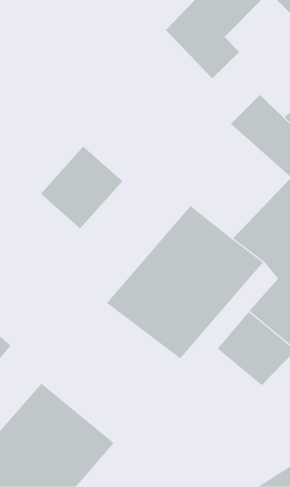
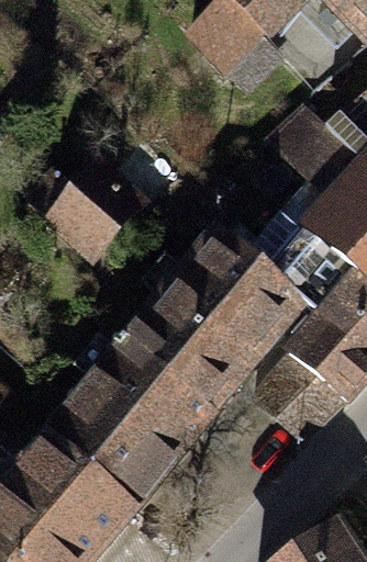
building: none -> [49,348,210,509]

